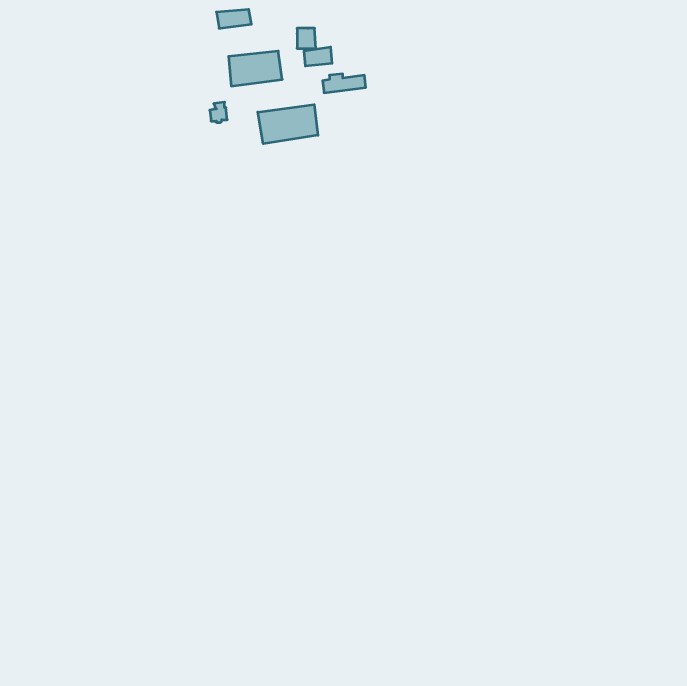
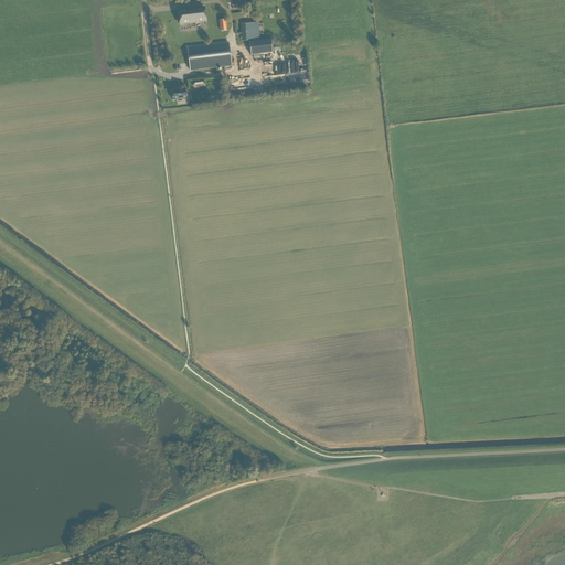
building: [258,105,318,144] -> none

